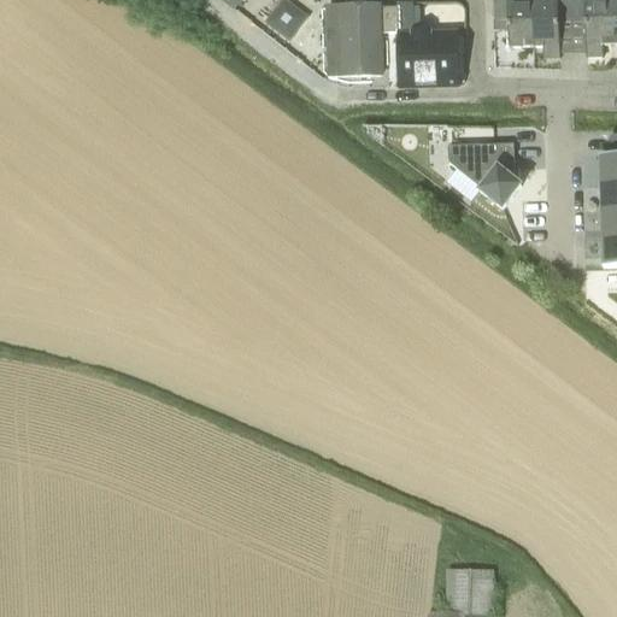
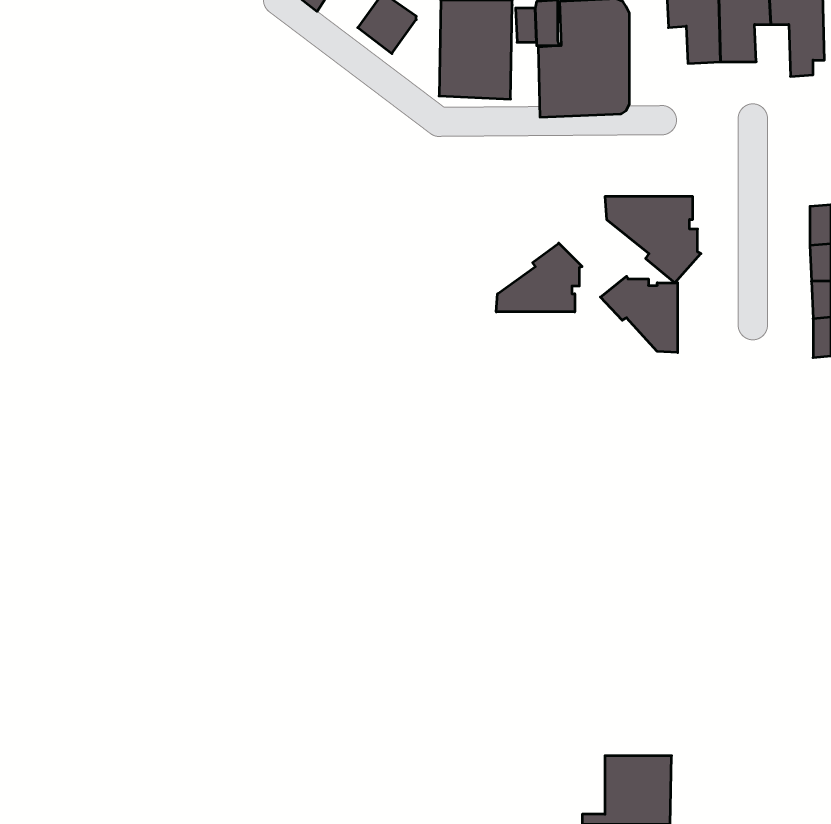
building: none -> [496,243,582,312]
building: none -> [600,276,678,353]

